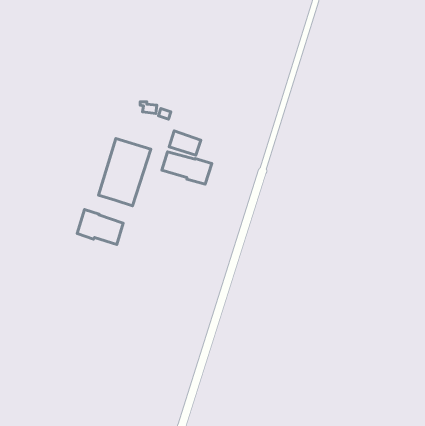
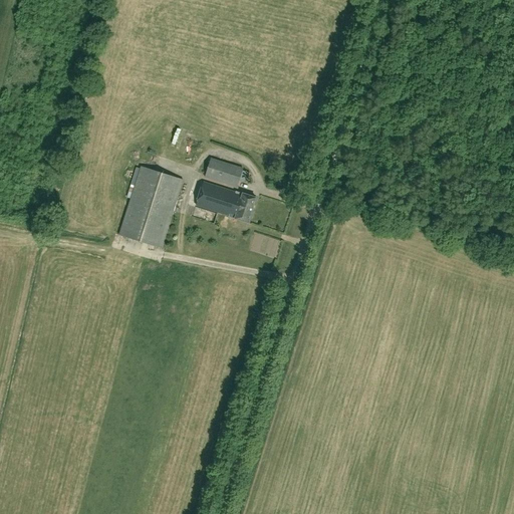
building: [77,209,123,244] -> none

